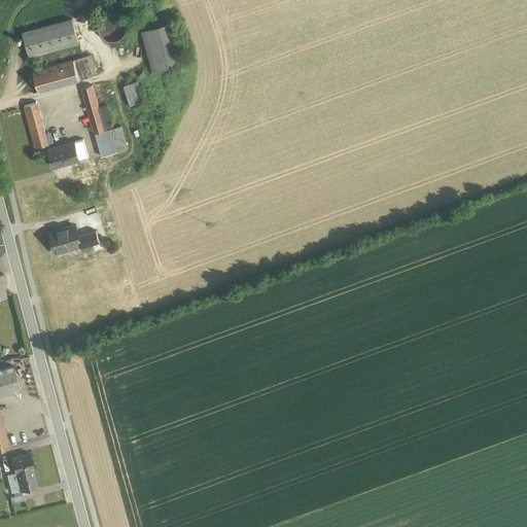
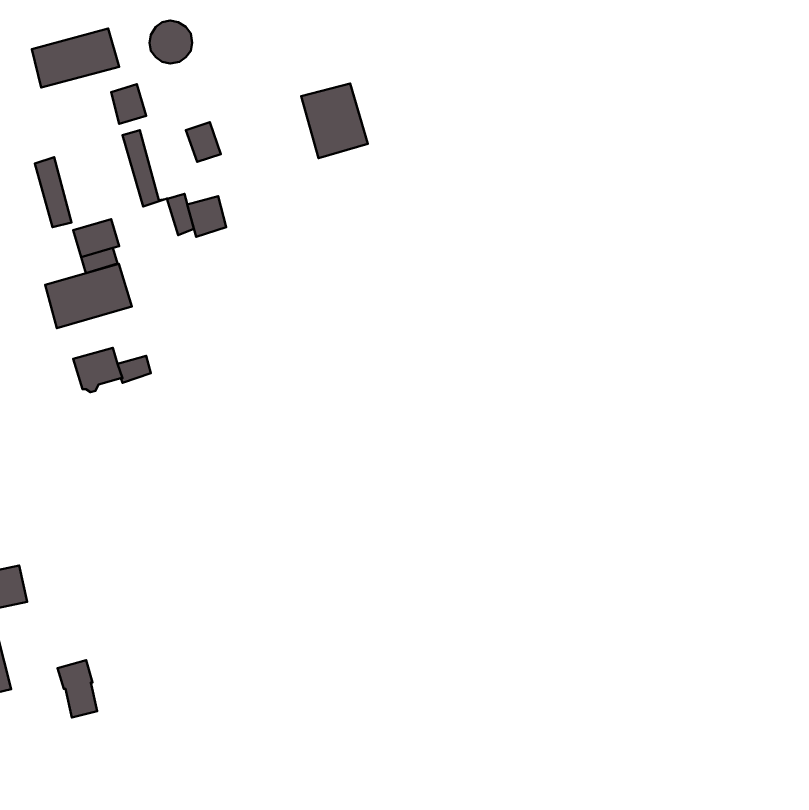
building: [140,24,183,72] -> [301,83,368,158]
building: [31,61,77,93] -> none
building: none -> [187,196,226,237]
building: none -> [45,264,132,328]
building: [9,454,35,491] -> [58,660,97,717]

